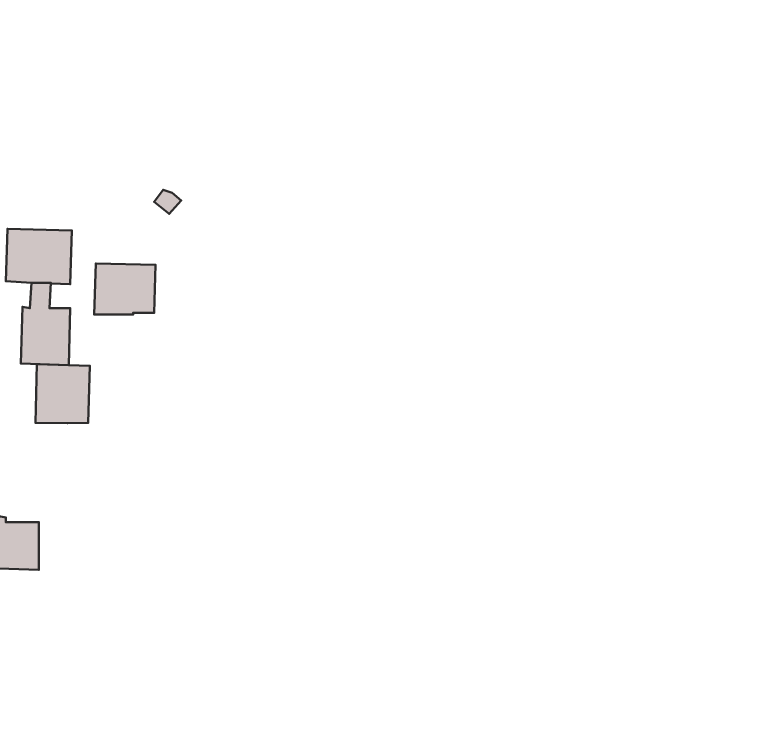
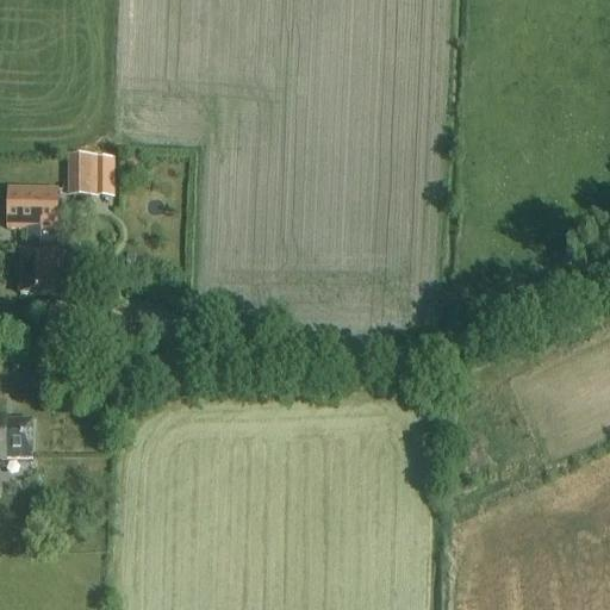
building: [94,263,156,314] -> [66,152,114,193]
building: [35,364,90,423] -> none

